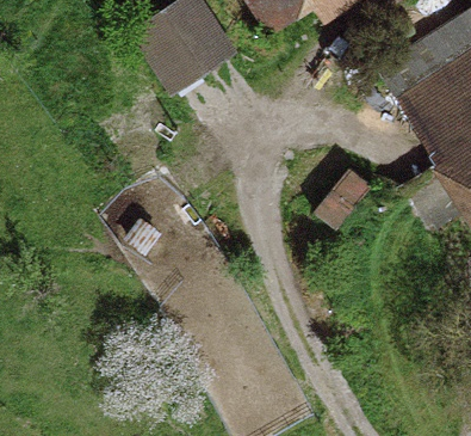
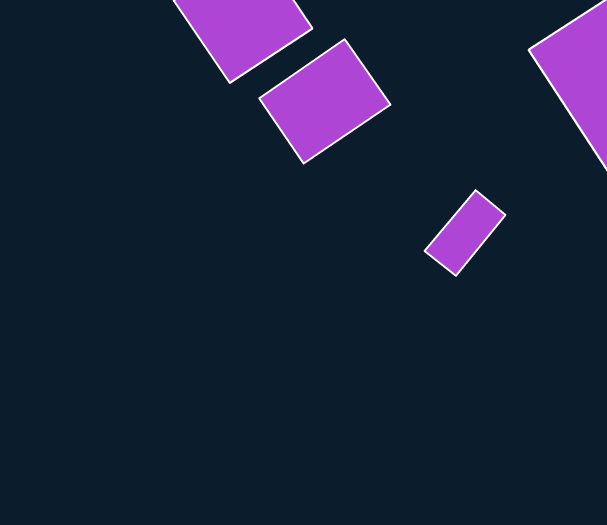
building: none -> [259,39,390,164]

